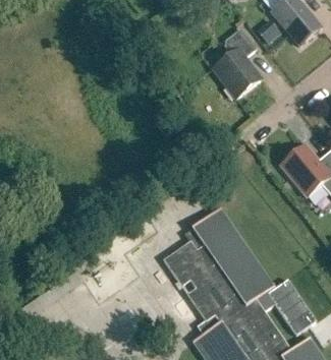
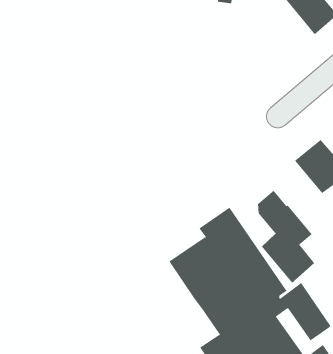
building: [213,26,261,96] -> none
building: none -> [258,190,315,283]

